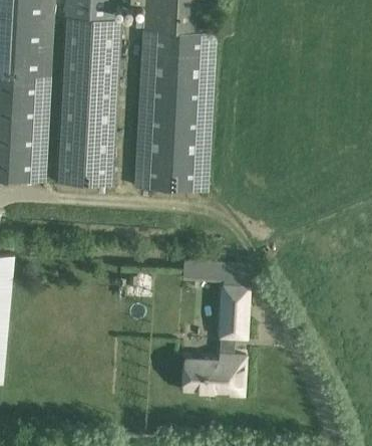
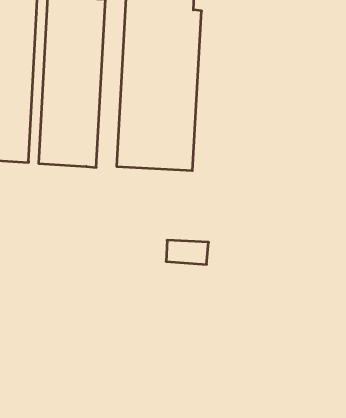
building: [220,292,246,337] -> none
building: [179,353,247,398] -> none

